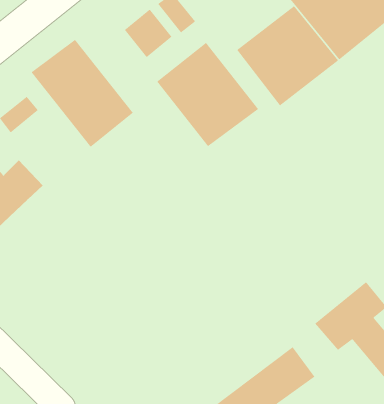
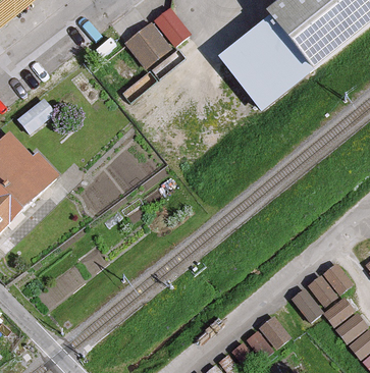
building: [30,39,134,148] -> none
building: [156,42,259,147] -> none

